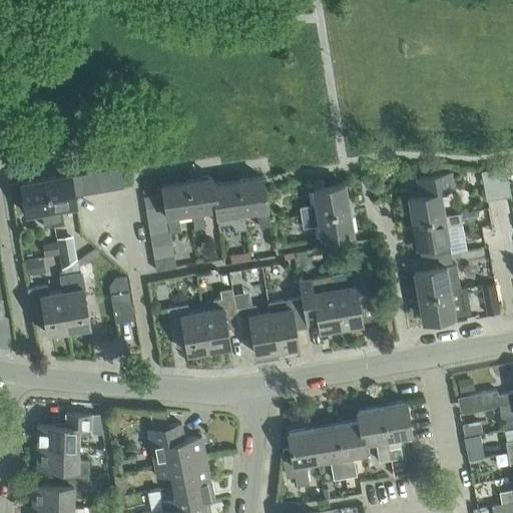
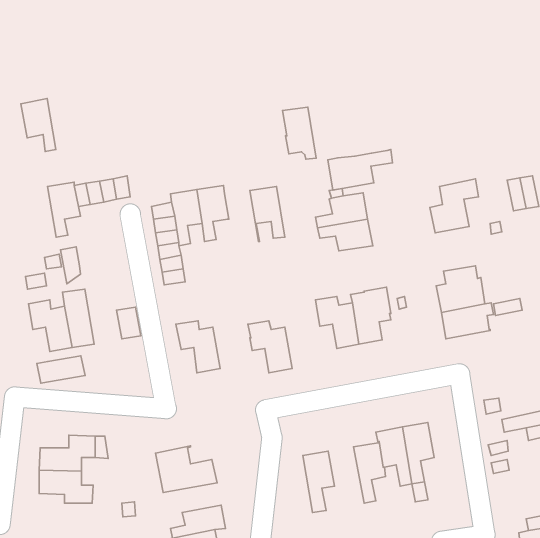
building: none -> [328,149,393,190]
building: [21,179,54,229] -> [21,99,56,151]
building: [213,183,245,232] -> [282,107,316,159]
building: [413,215,462,260] -> none
building: [202,299,238,352] -> none
building: [271,299,307,352] -> none
building: none -> [37,356,85,383]
building: [312,426,346,481] -> none
building: [155,460,210,488] -> none
building: [33,479,88,508] -> none

